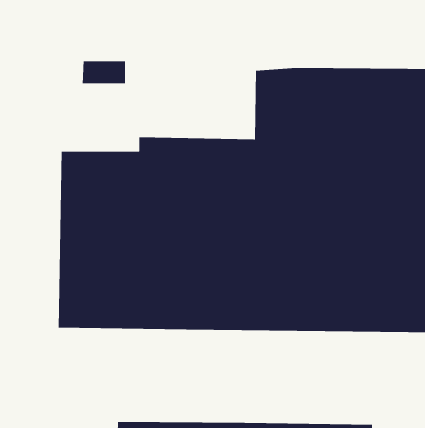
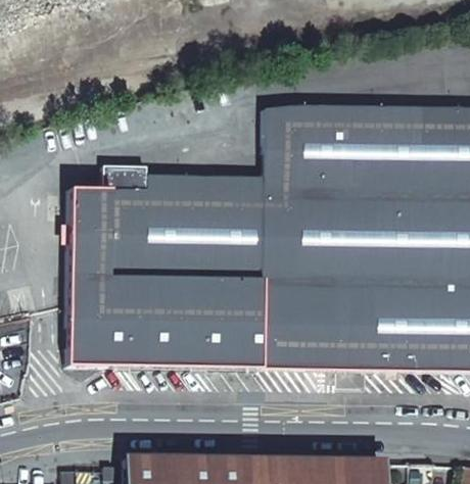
building: [82,61,126,84] -> [105,164,149,188]

